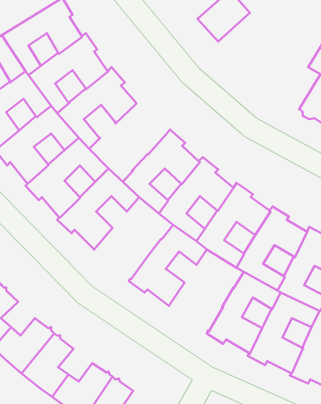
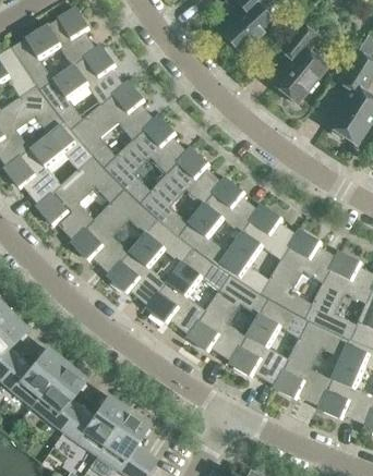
building: none -> [272,22,328,103]
building: none -> [104,114,186,203]
building: none -> [107,219,193,306]
building: none -> [186,274,268,362]

